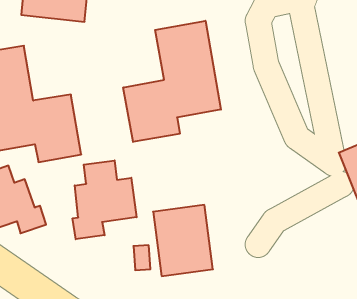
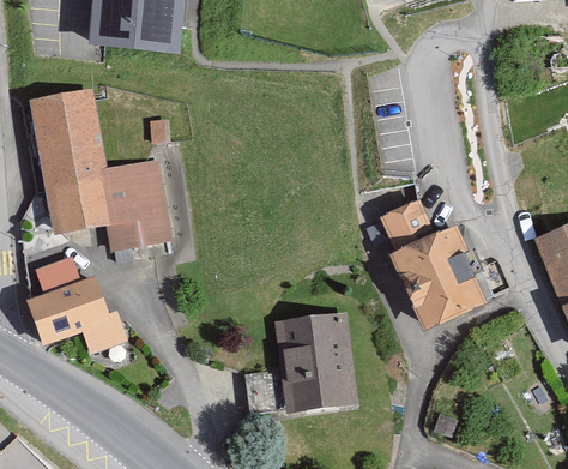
building: [123,21,221,142] -> none
building: none -> [385,200,484,324]
building: [73,160,137,239] -> none

